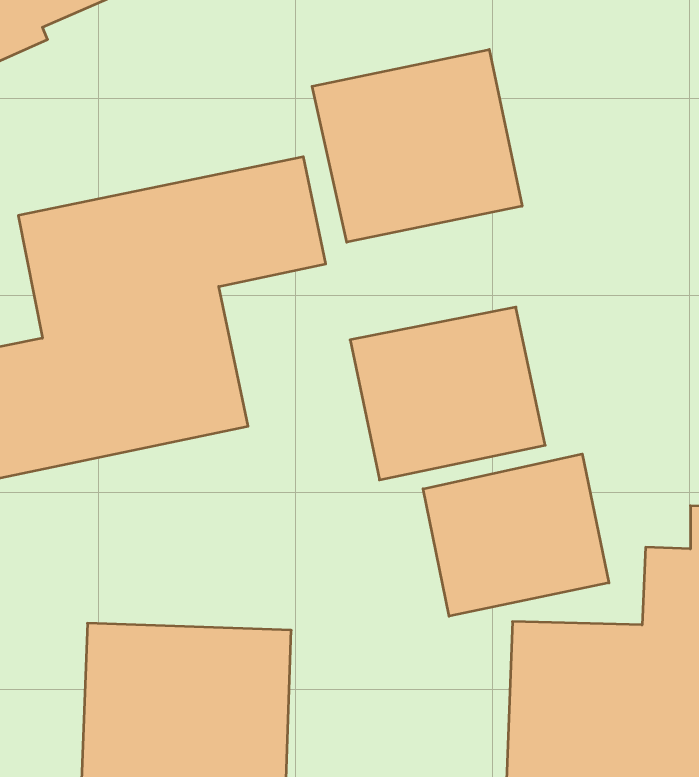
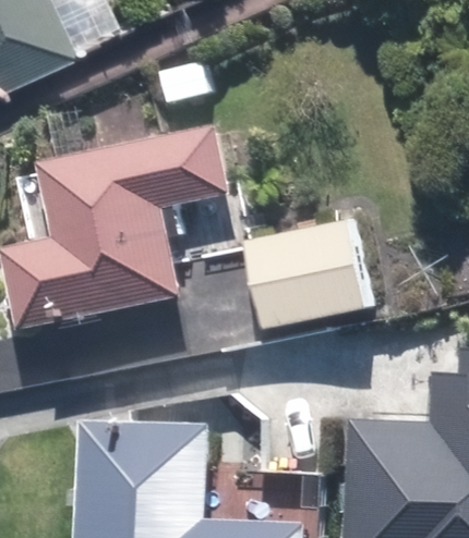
building: [312,49,522,242] -> none
building: [423,454,609,616] -> none

